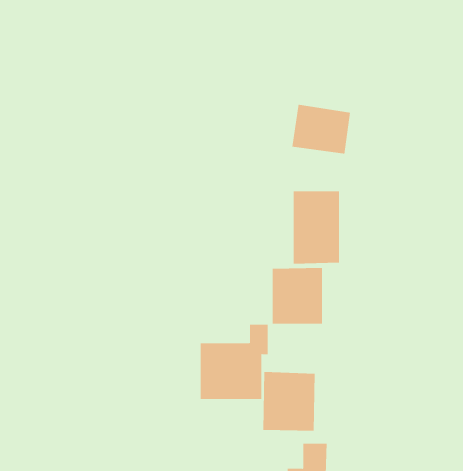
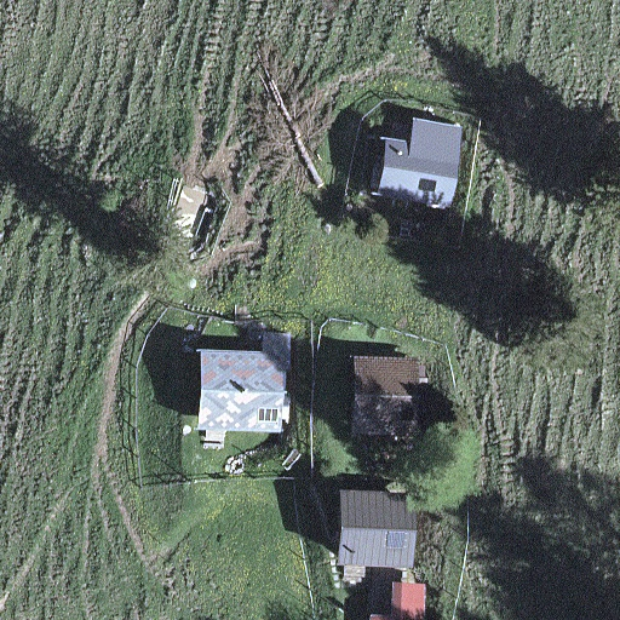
building: [293,191,340,265] -> none
building: [200,324,269,399] -> [199,333,288,431]

